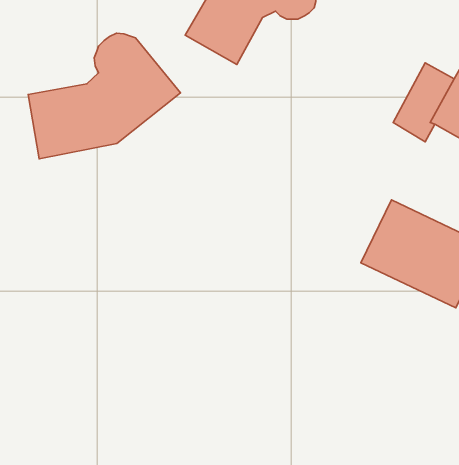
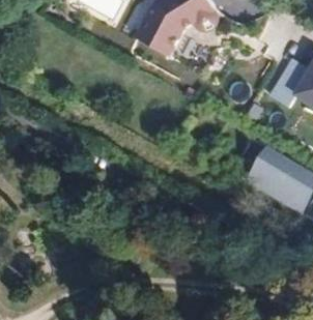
building: [28,33,180,159] -> none

